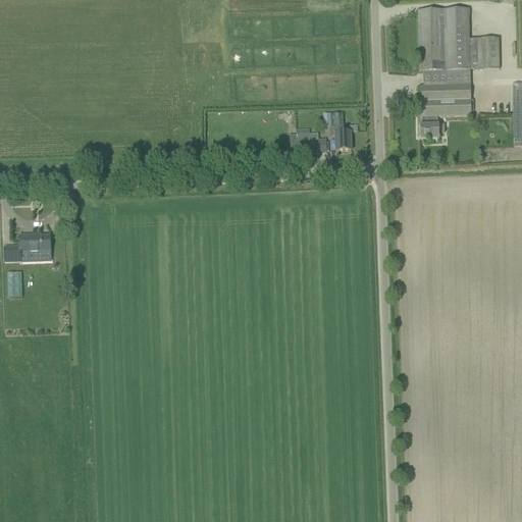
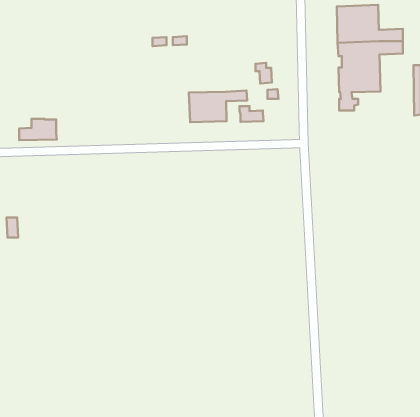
building: none -> [189,91,247,122]
building: [331,123,352,149] -> [255,63,272,83]
building: [5,232,52,259] -> [19,119,57,140]

